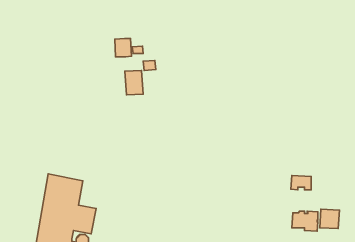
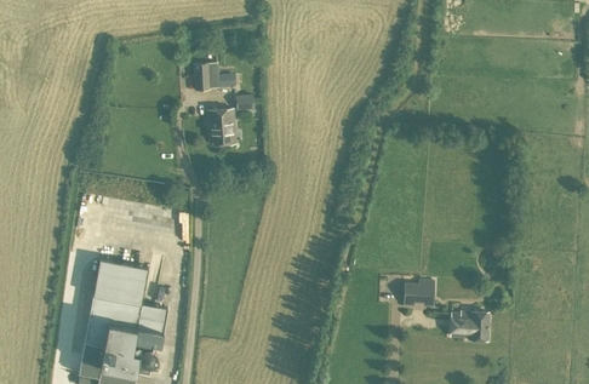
building: [291,176,311,190] -> [404,285,433,305]
building: [320,209,340,229] -> none

